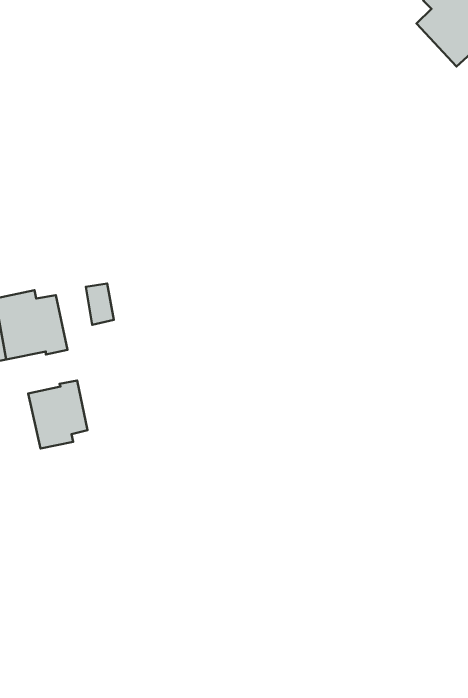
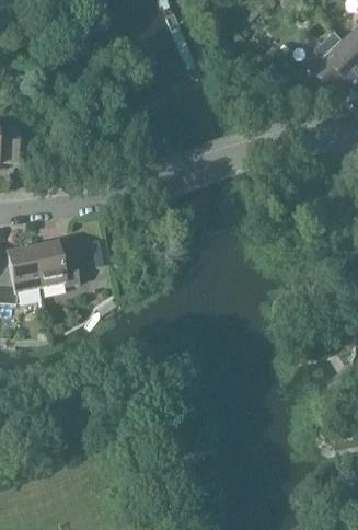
building: [28,381,87,449] -> none

